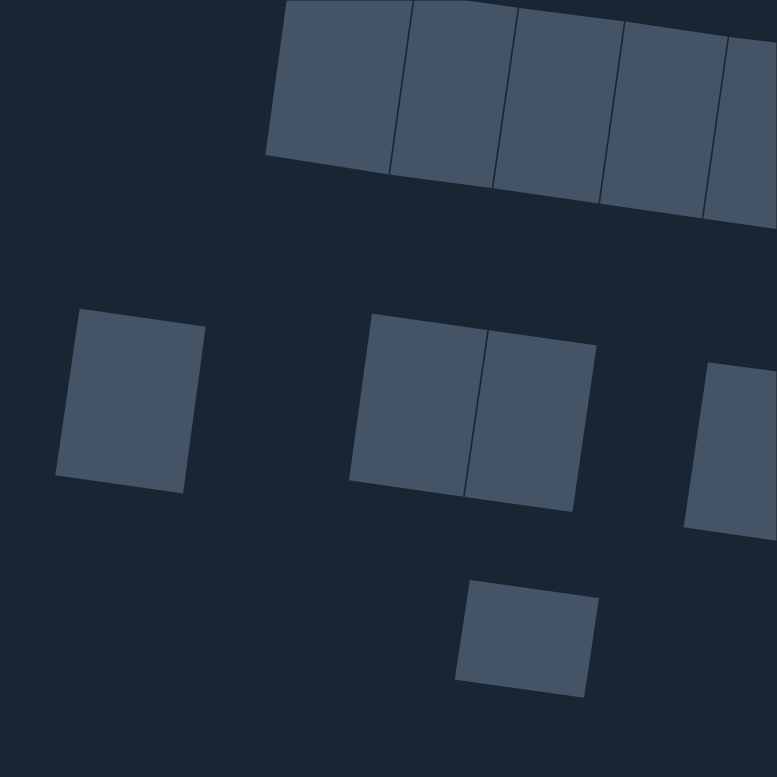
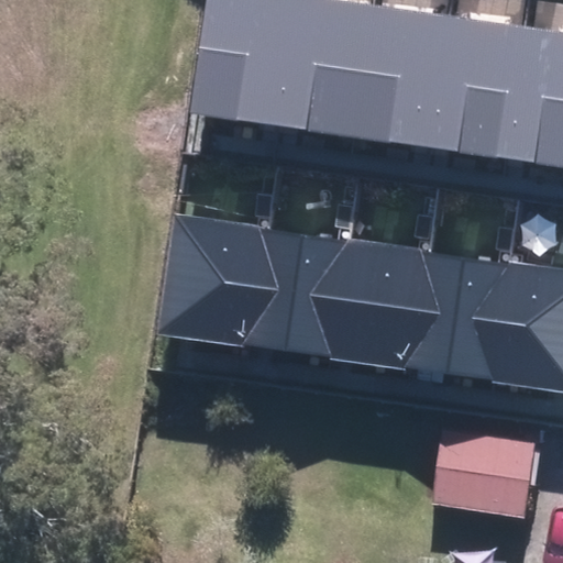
building: [54,308,207,494] -> [158,213,268,347]
building: none -> [415,250,511,382]
building: [454,580,600,698] -> [433,429,539,515]

